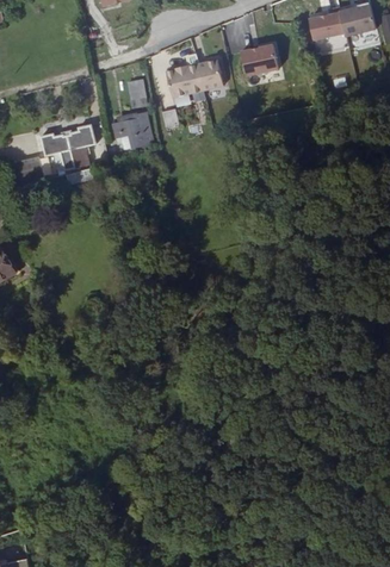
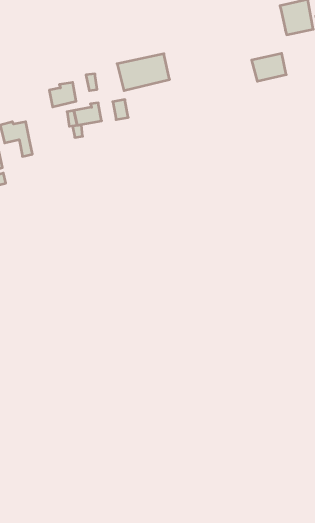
building: [309,12,346,42] -> [252,53,286,81]
building: [240,44,277,76] -> none
building: [68,124,97,150] -> [49,82,76,107]

